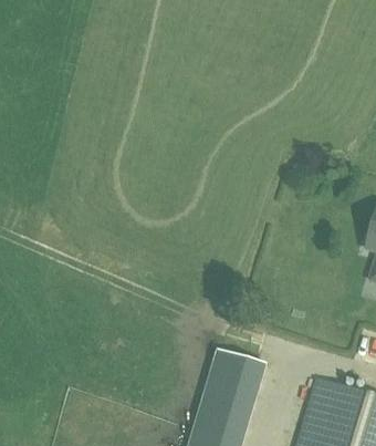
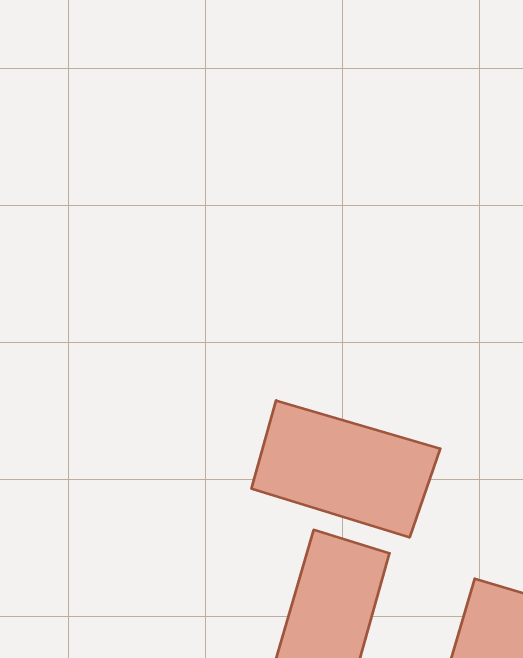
building: none -> [252,400,440,537]

